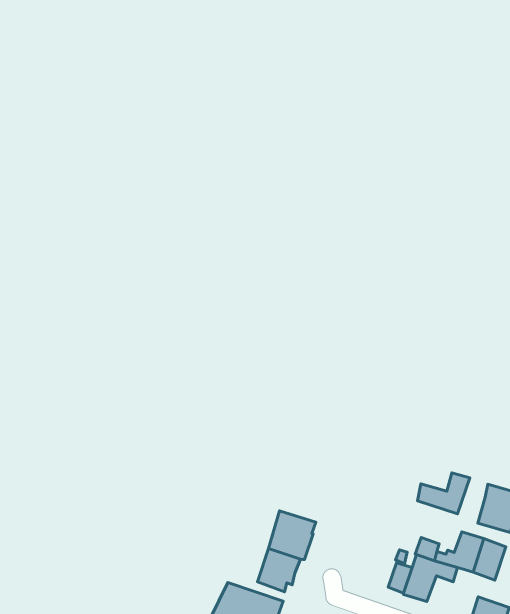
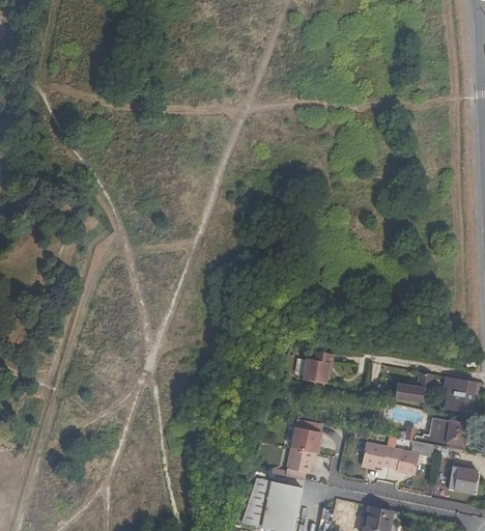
building: none -> [303,354,334,383]
building: none -> [361,443,386,468]

